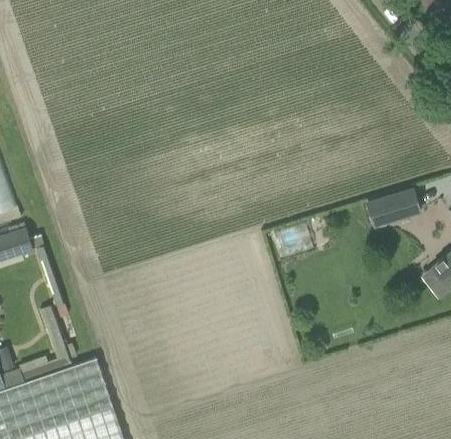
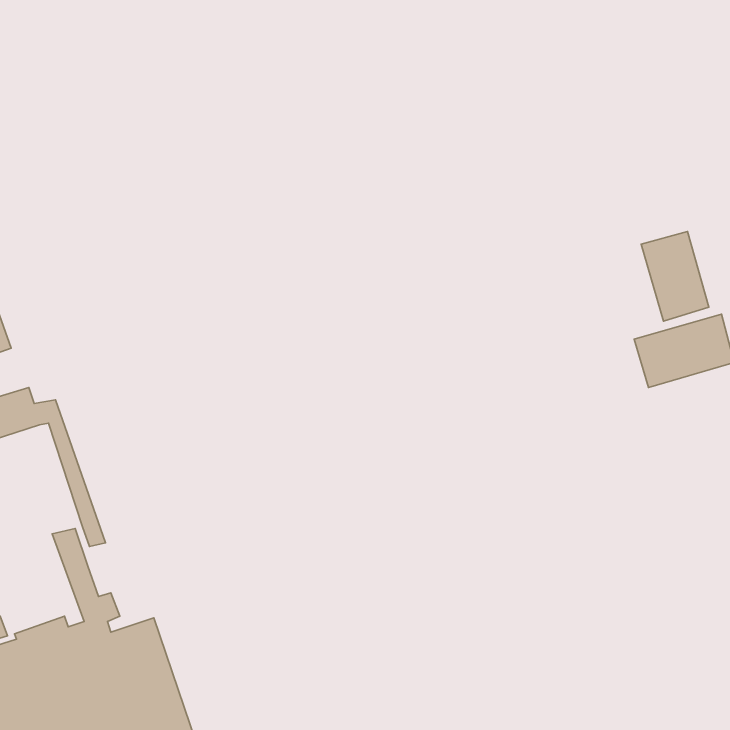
building: none -> [641,231,709,321]

